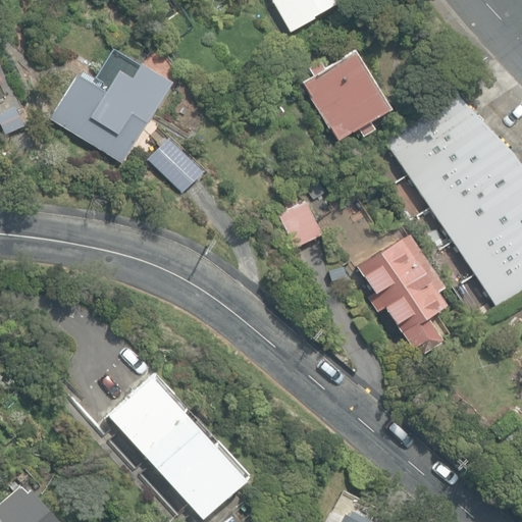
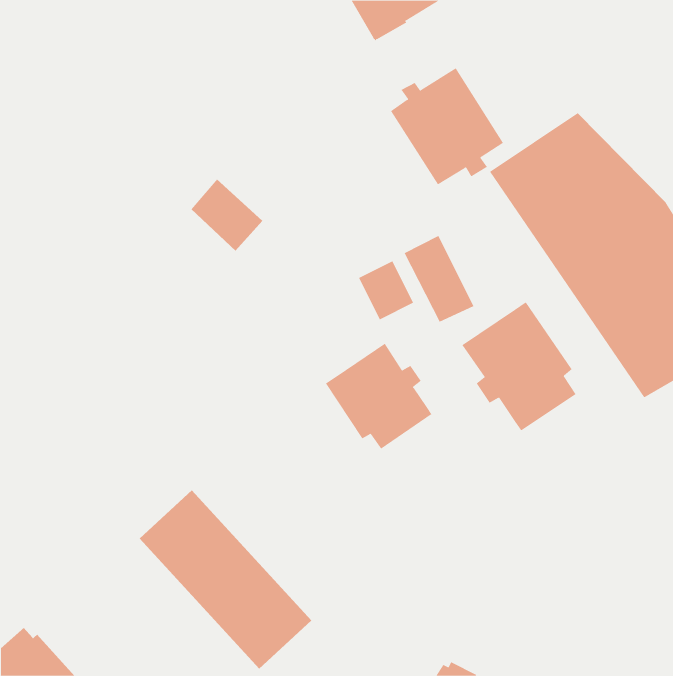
building: [49,61,177,167] -> none
building: none -> [404,235,474,322]
building: none -> [325,343,432,449]

